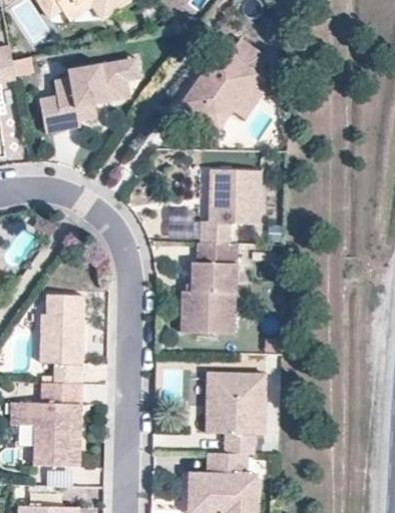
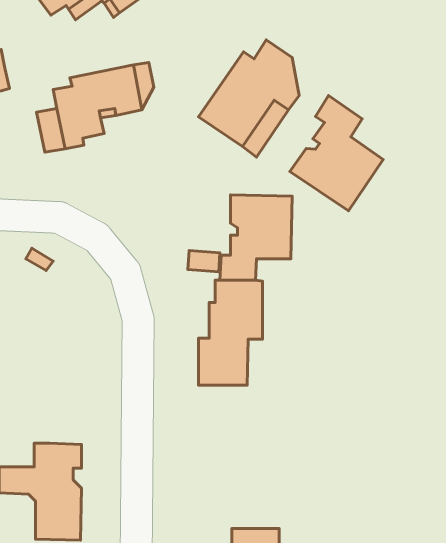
building: none -> [290,96,383,211]
building: [39,292,82,381] -> none
building: [206,372,264,452] -> none

